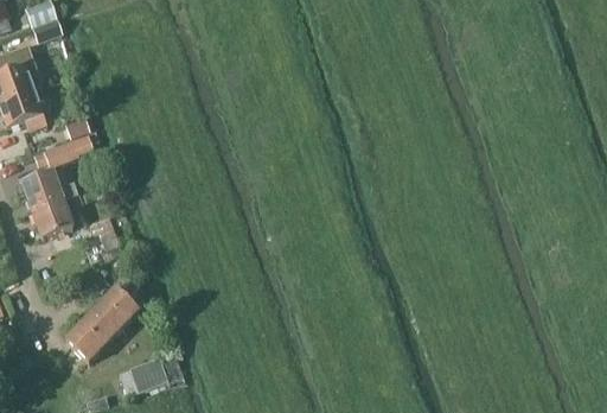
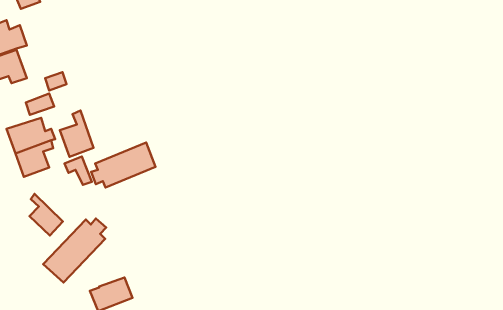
building: none -> [60,110,93,157]
building: none -> [91,142,156,187]
building: none -> [29,194,63,236]

